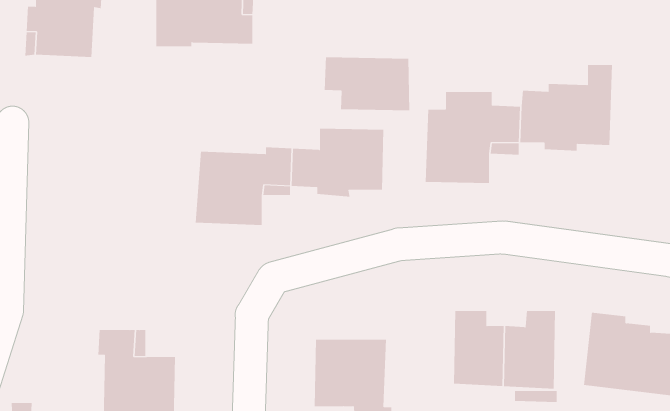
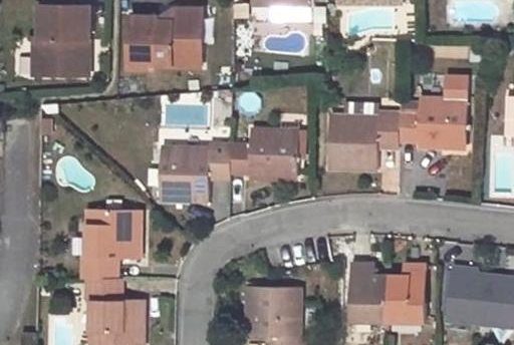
building: [324,56,410,111] -> none
building: none -> [81,209,141,279]

